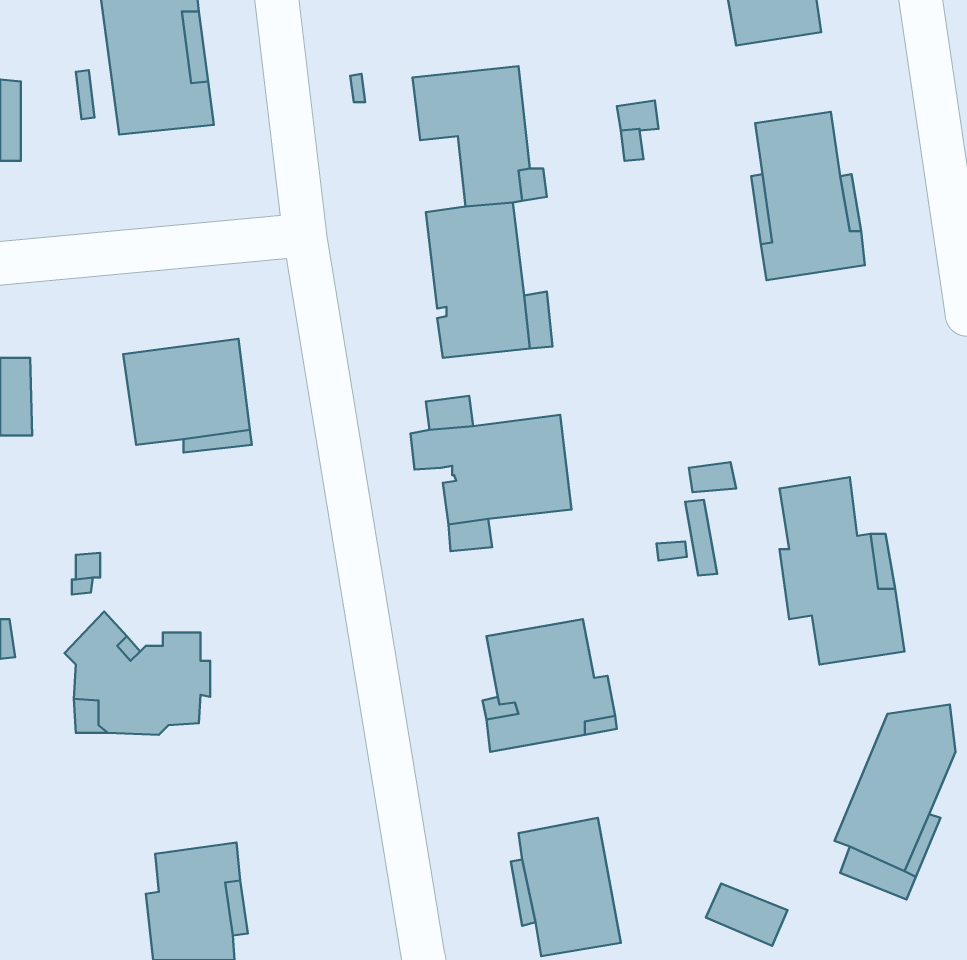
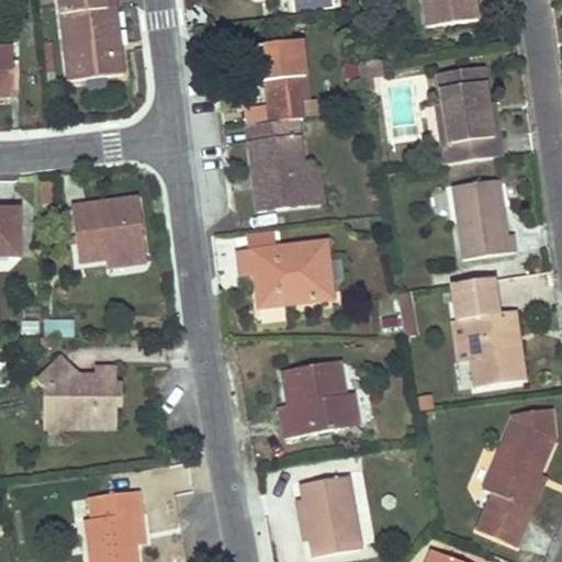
building: none -> [452,178,516,257]
building: [706,884,787,946] -> [479,506,526,542]

